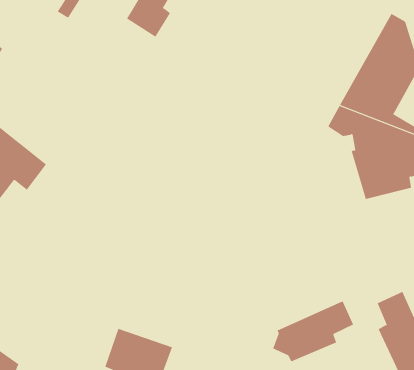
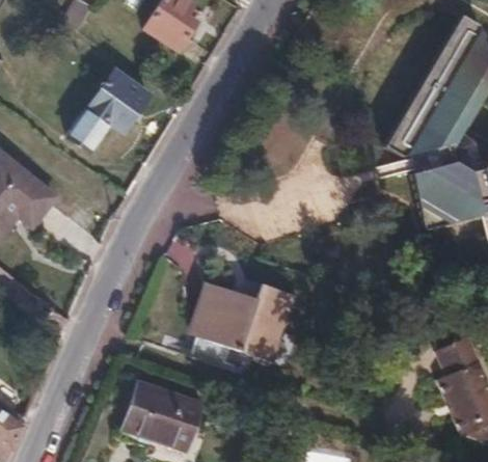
building: none -> [70,67,152,151]
building: none -> [188,283,293,368]
building: [272,300,354,362] -> none

